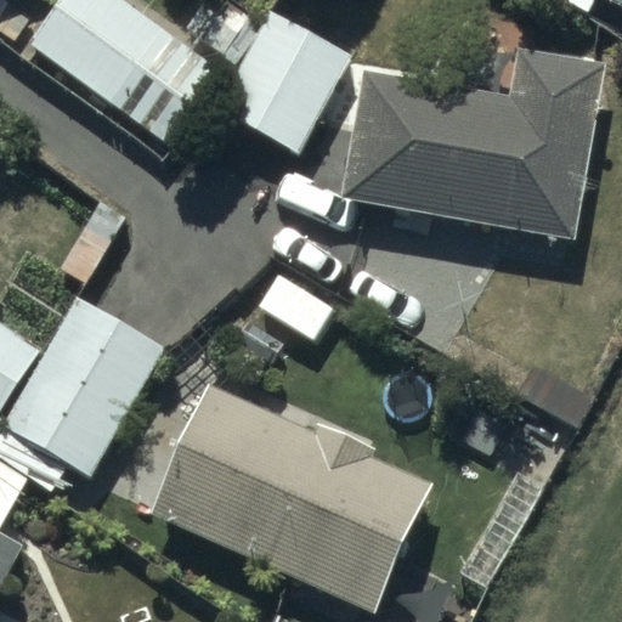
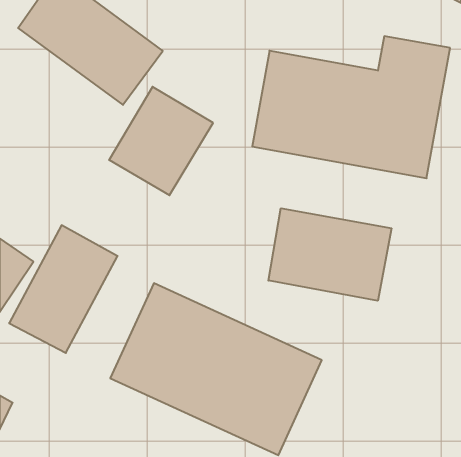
building: [213,7,352,153] -> [109,87,213,195]
building: none -> [268,208,391,301]

